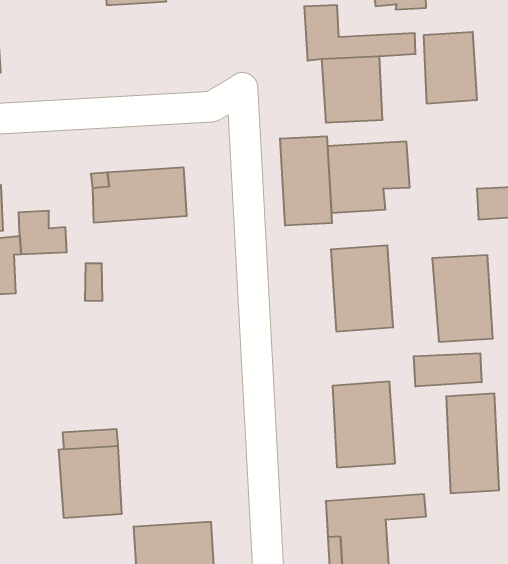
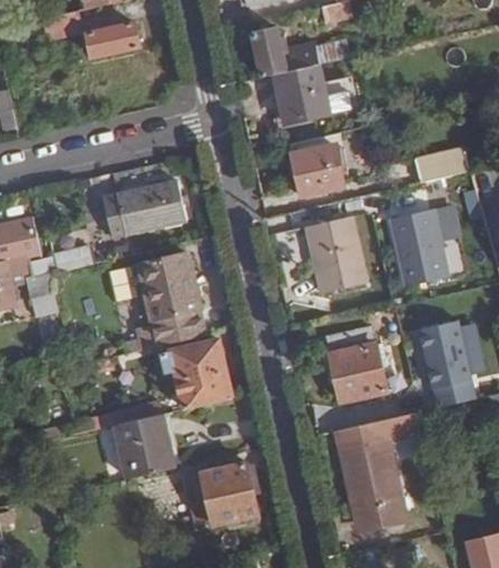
building: [424,32,477,104] -> none
building: [280,136,332,226] -> none
building: none -> [134,255,206,349]
building: [414,353,482,387] -> none
building: none -> [161,337,233,409]

